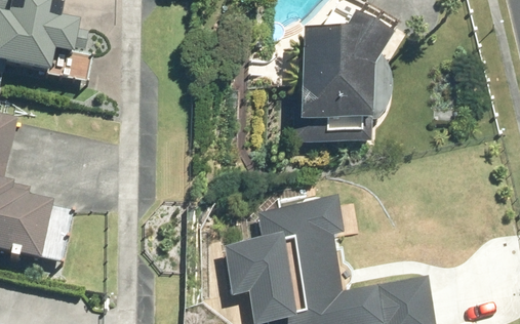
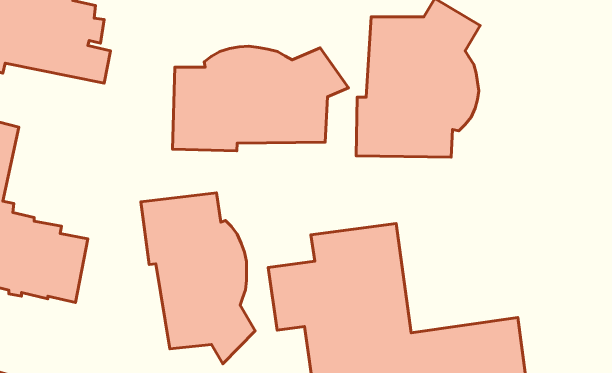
building: none -> [172,46,348,151]
building: none -> [141,193,255,364]

